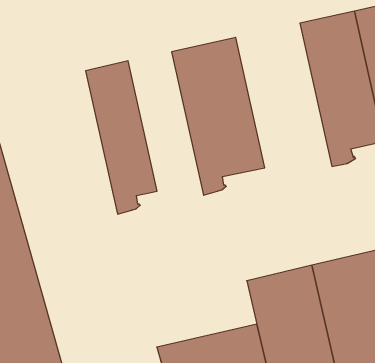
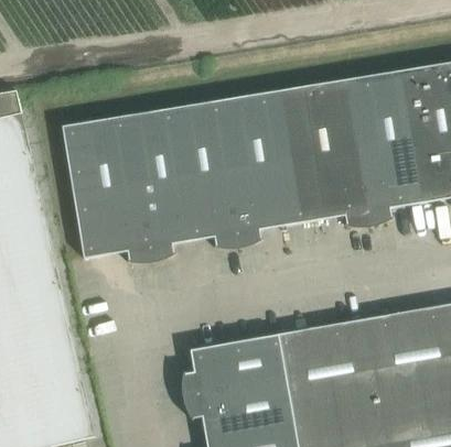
building: none -> [280,79,369,228]
building: none -> [171,101,239,249]
building: none -> [62,116,152,263]
building: none -> [182,335,286,396]

